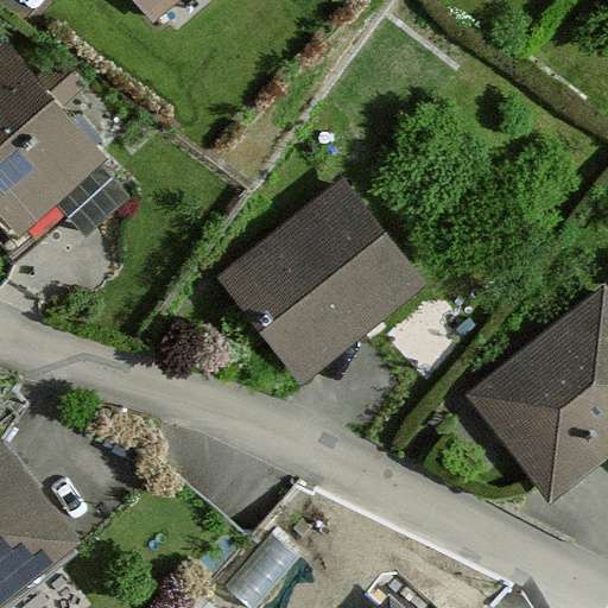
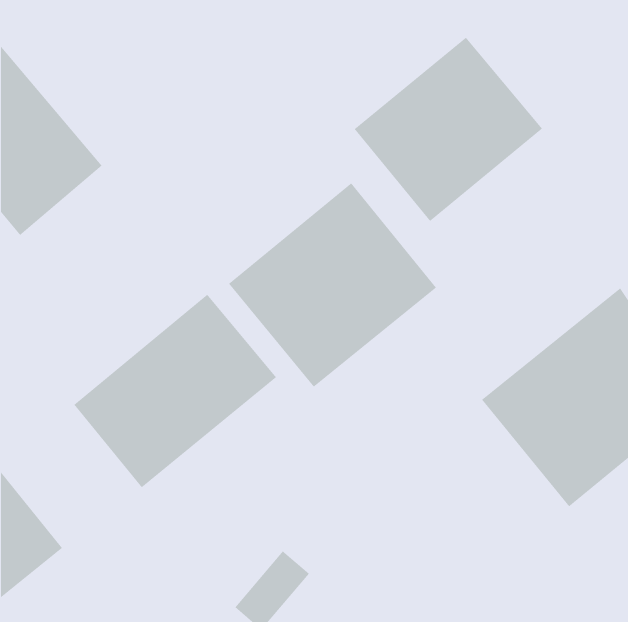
building: none -> [354,37,543,222]
building: none -> [74,294,277,488]

